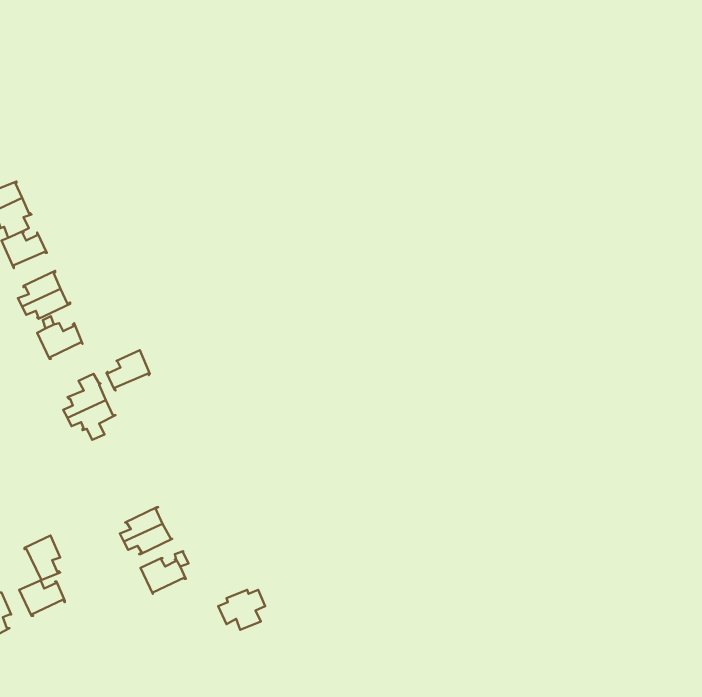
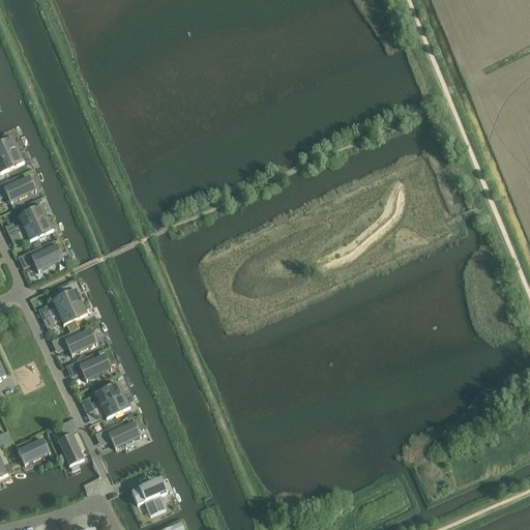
building: [106,350,150,391] -> none
building: none -> [62,327,96,355]
building: none -> [77,352,111,380]
building: [24,535,60,581] -> [57,431,84,465]
building: [218,590,265,630] -> [130,478,166,508]

